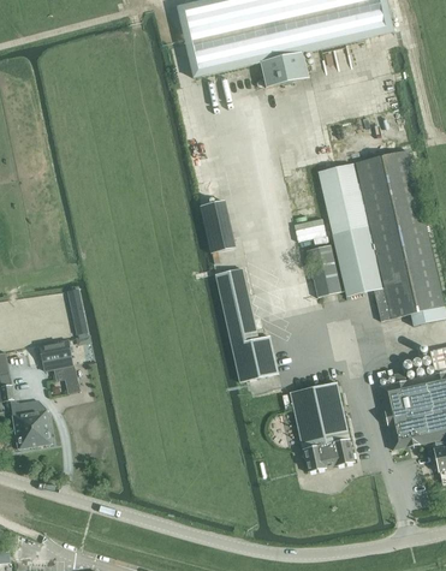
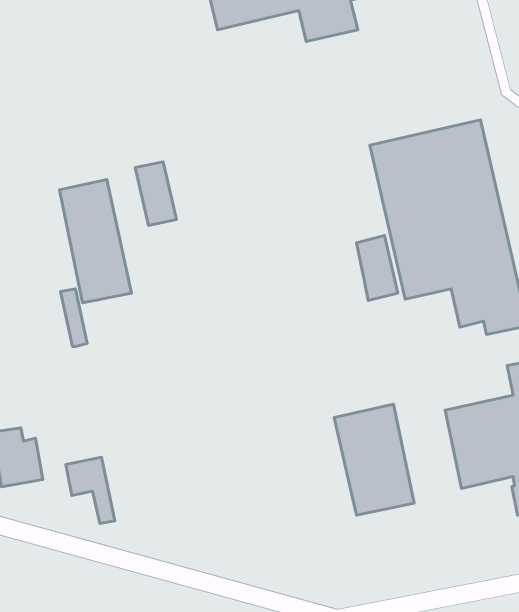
building: none -> [60,179,132,303]
building: [198,202,232,254] -> [135,162,177,225]
building: [215,267,278,381] -> none
building: [38,339,78,393] -> [66,457,115,524]

